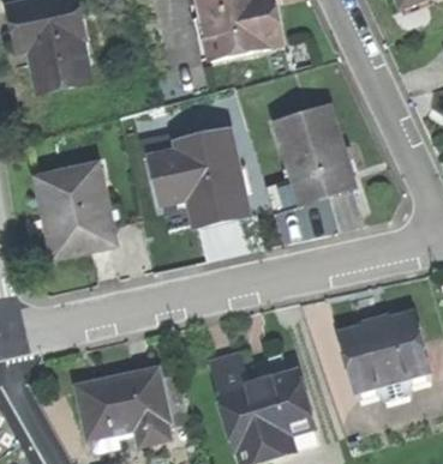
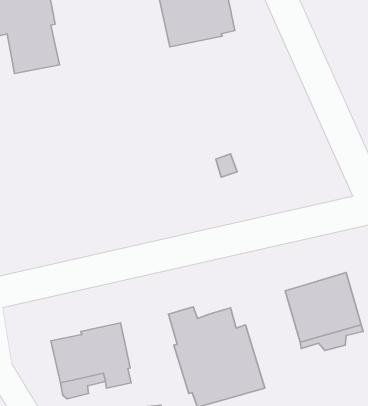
building: [276,107,351,201] -> none
building: [150,132,245,224] -> none
building: [35,165,112,255] -> none

